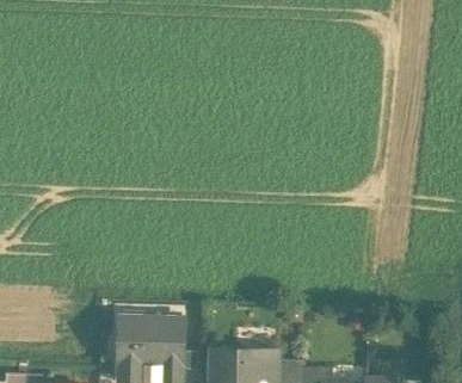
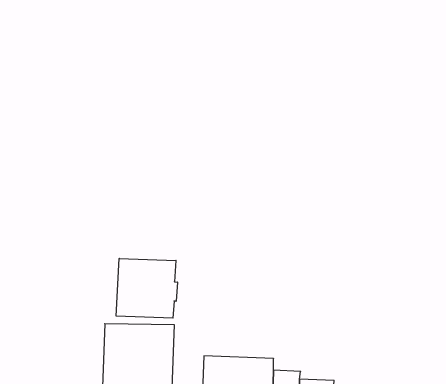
building: none -> [116,258,177,318]

